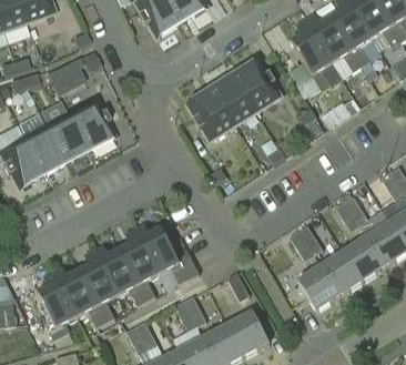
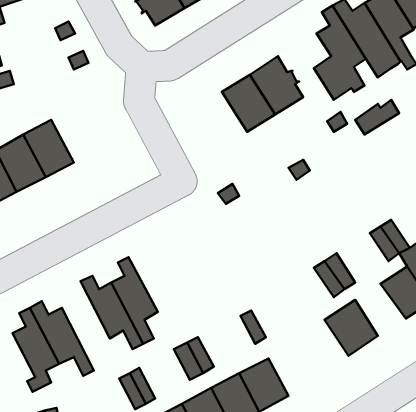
building: [47,57,85,94] -> none
building: [189,90,233,138] -> none
building: [70,101,112,149] -> none
building: [134,222,199,283] -> none
building: [79,247,119,322] -> none
building: [323,250,365,293] -> none

